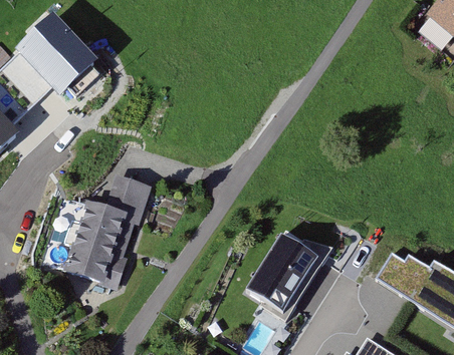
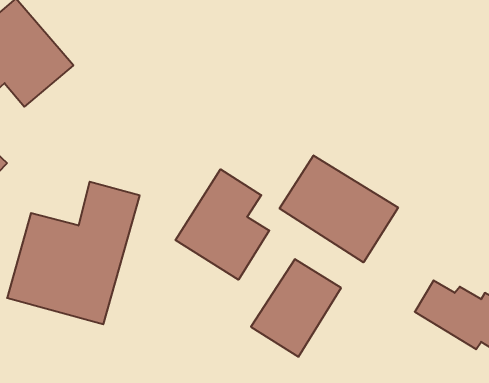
building: none -> [280,155,398,262]
building: none -> [176,169,269,280]

